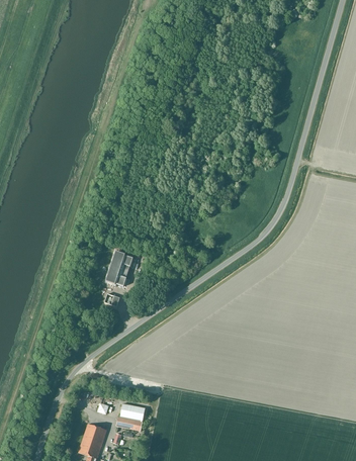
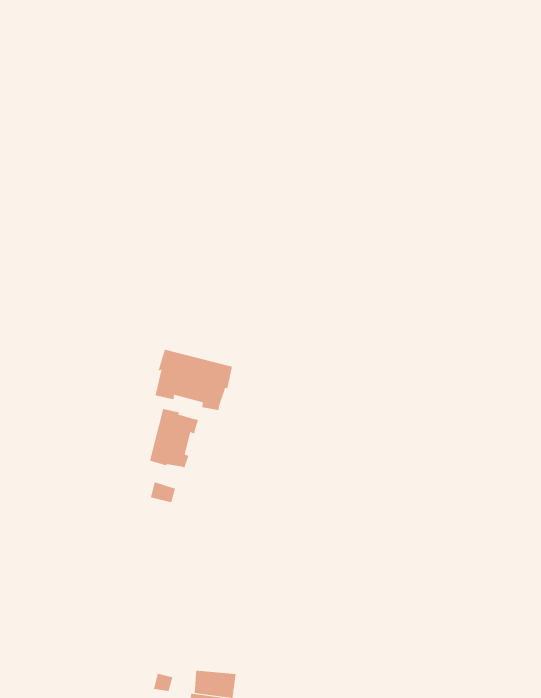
building: none -> [155,349,232,411]

